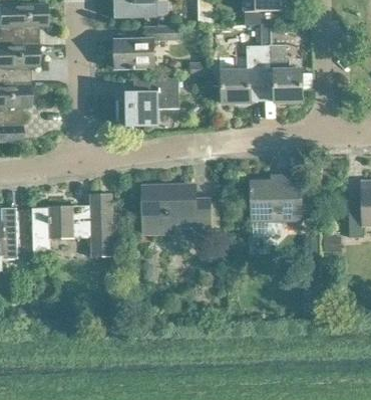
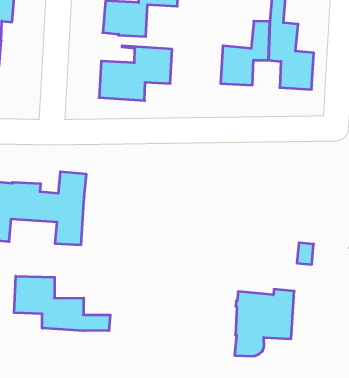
building: [251,175,302,236] -> [235,289,294,356]
building: [143,184,211,232] -> none
building: none -> [14,276,110,331]

